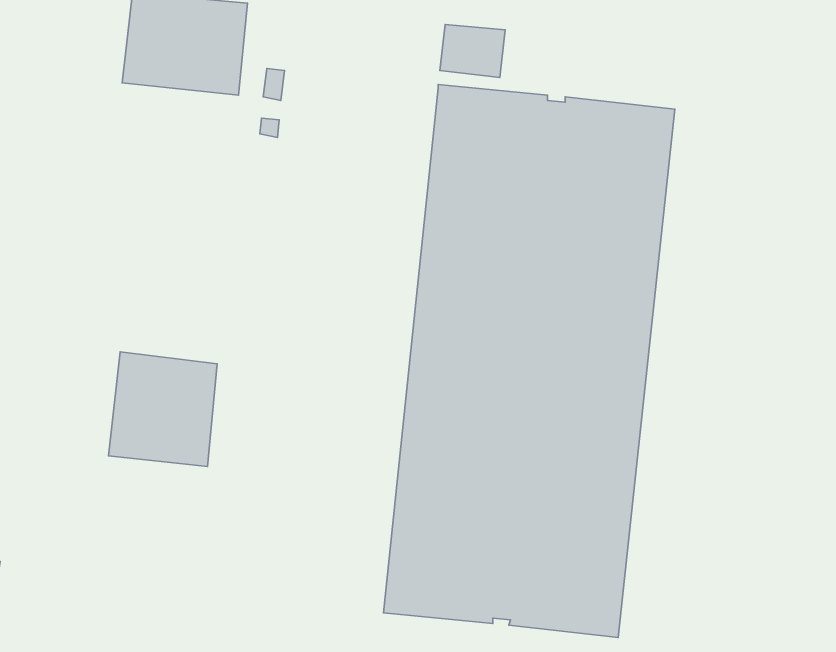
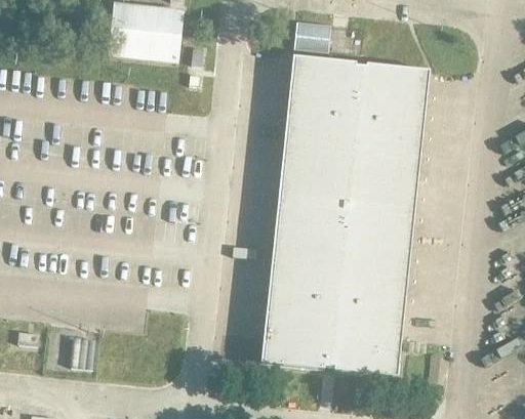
building: [108,352,217,466] -> none

